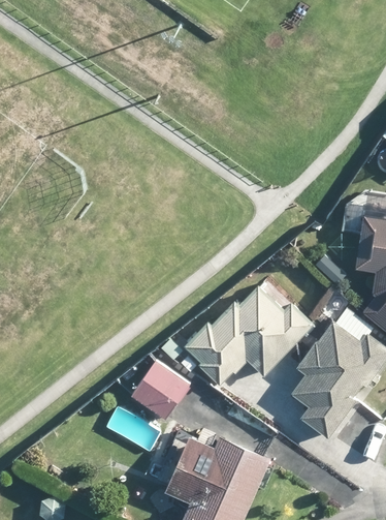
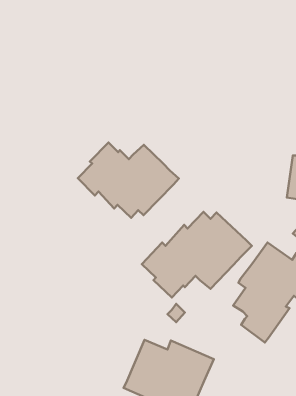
building: none -> [78,142,179,218]
building: [131,358,194,420] -> none

